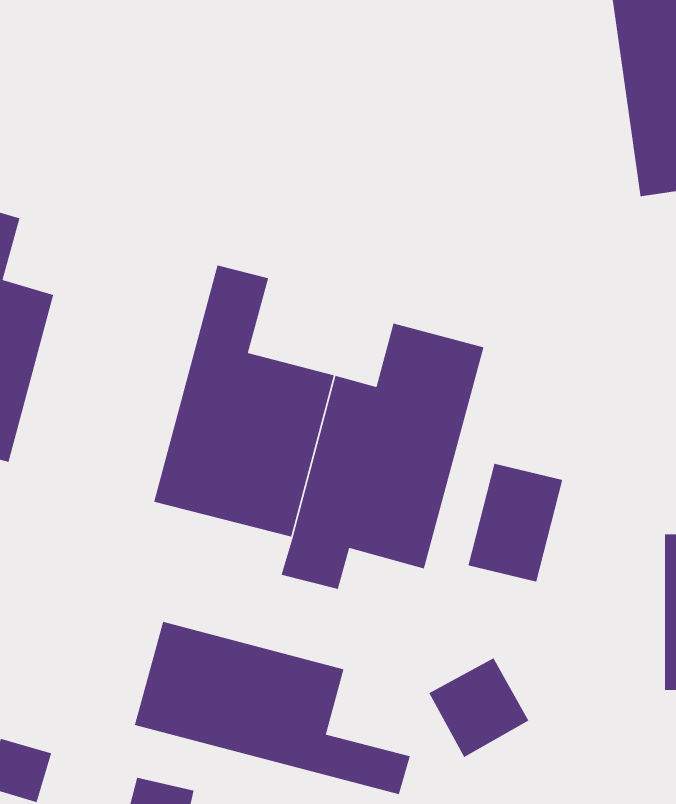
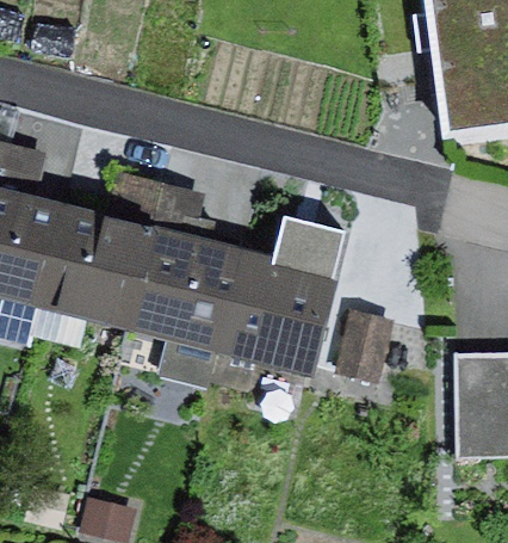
building: none -> [41,168,173,335]
building: [134,621,411,795] -> none

